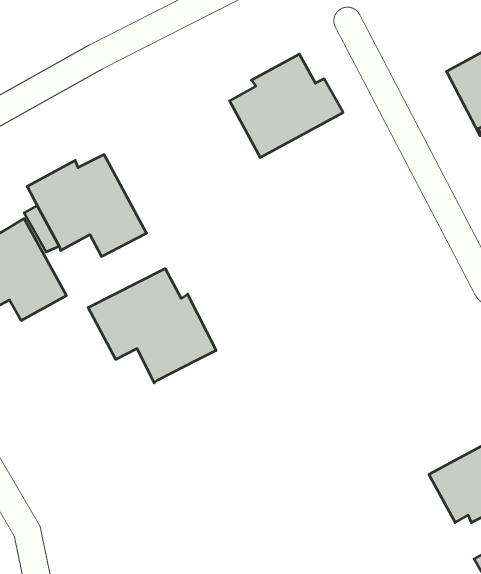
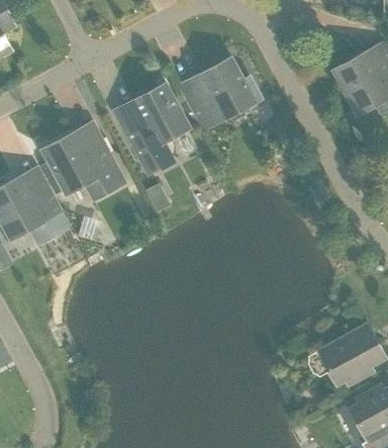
building: none -> [116,82,189,171]
building: [88,269,216,383] -> none

